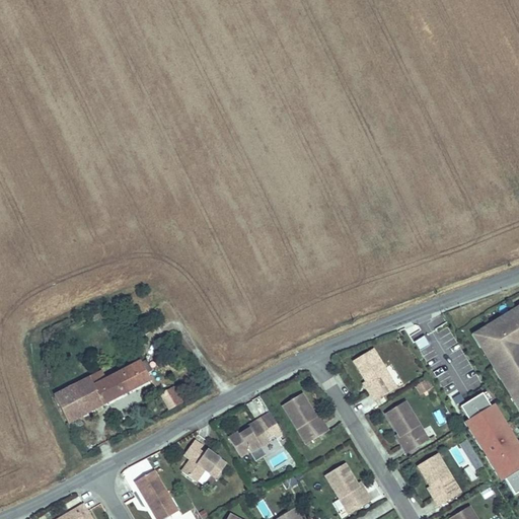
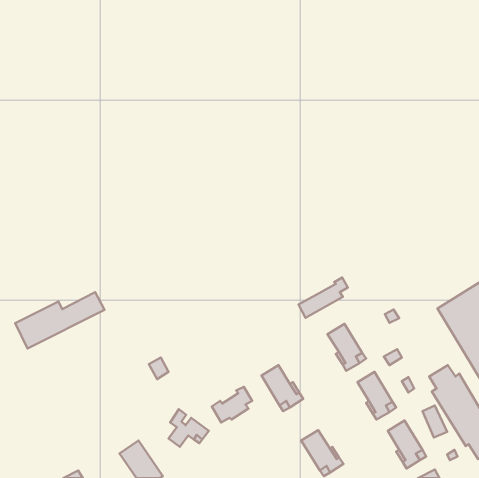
building: none -> [299,278,348,318]
building: [55,360,151,421] -> [15,292,105,349]

